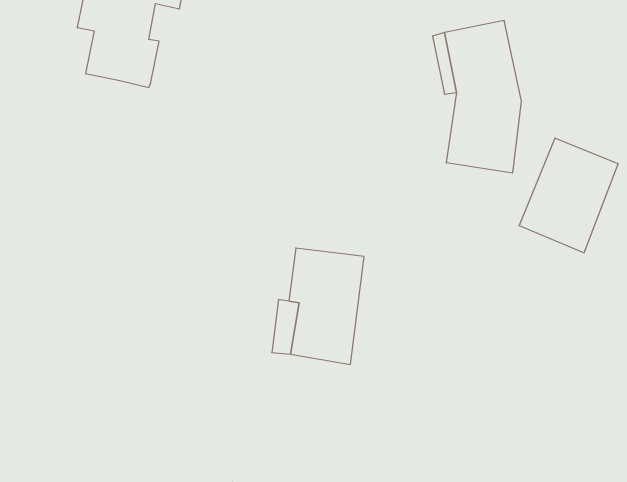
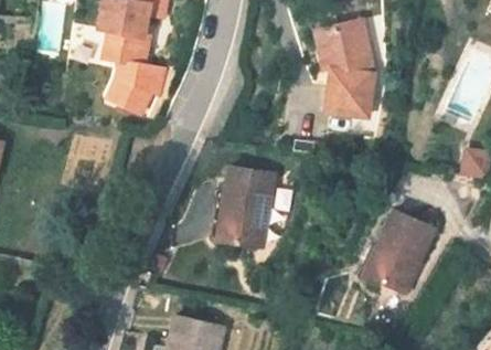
building: none -> [104,57,150,105]
building: [519,138,618,253] -> [371,218,435,291]

